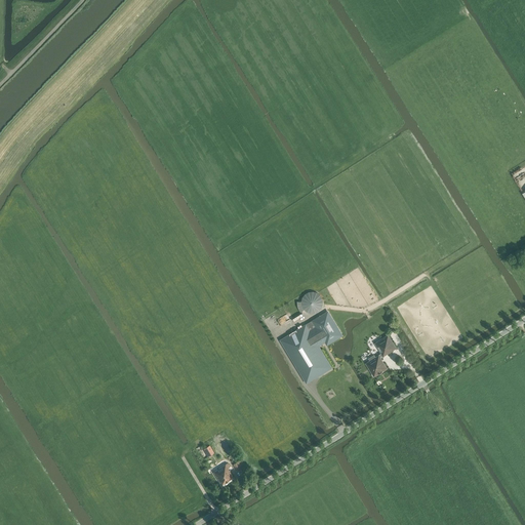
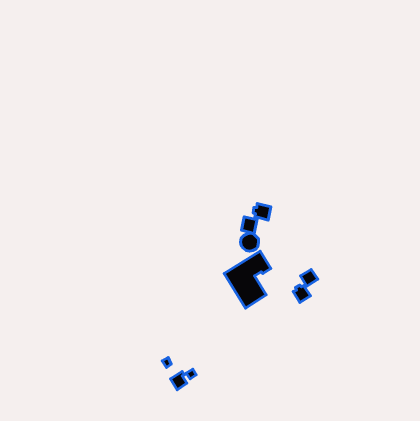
building: none -> [242,204,271,234]

